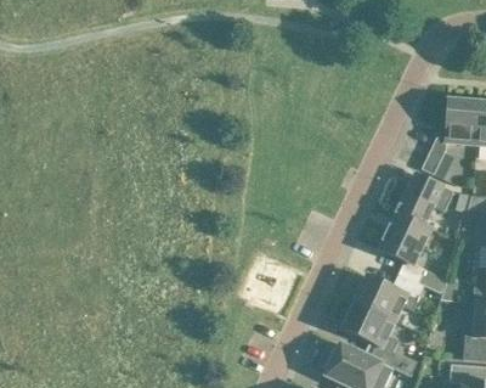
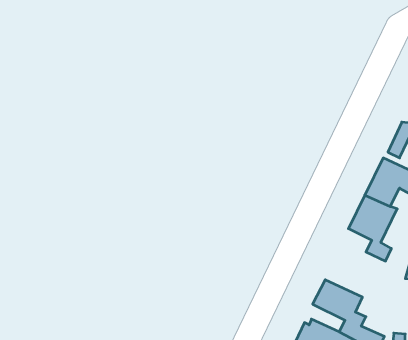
building: [355,272,423,320] -> none

